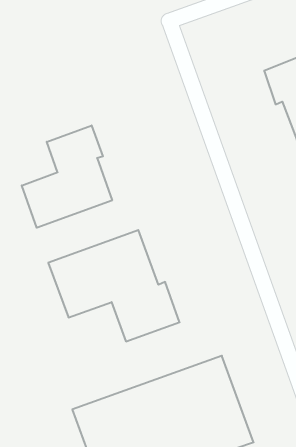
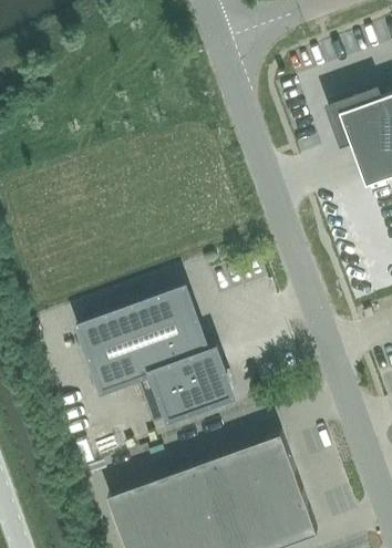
building: [22,125,112,228] -> none

